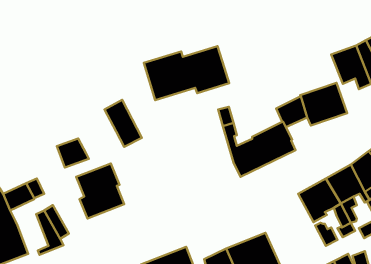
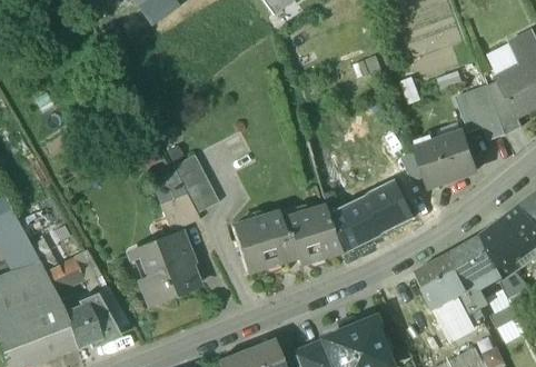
building: [144,46,229,100] -> [232,204,339,271]
building: [57,138,89,168] -> [160,192,200,229]
building: none -> [63,296,102,346]

